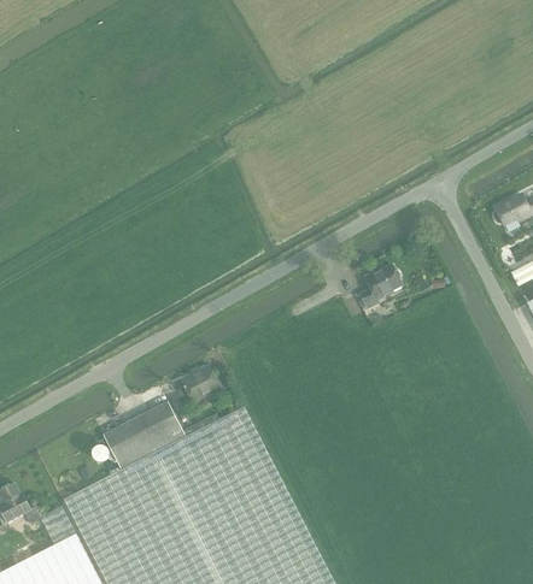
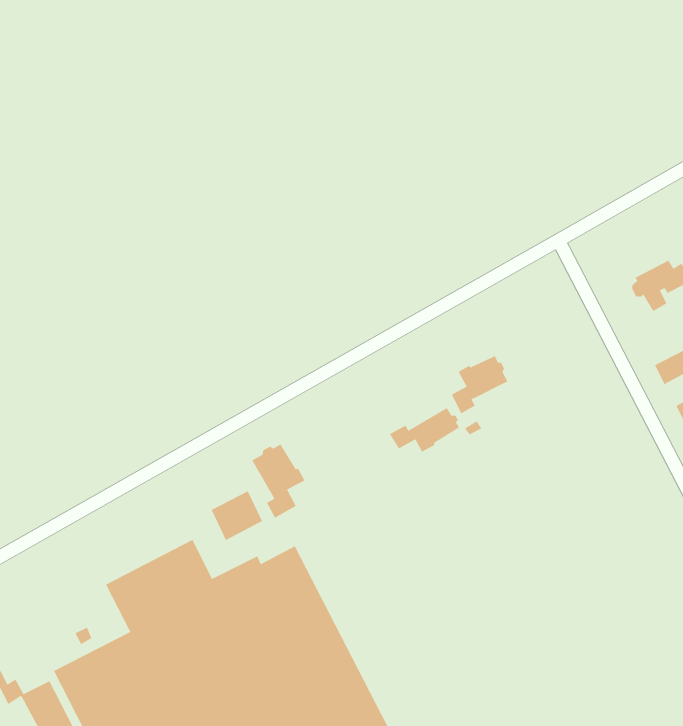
building: none -> [389,407,460,453]
building: none -> [251,444,305,519]

